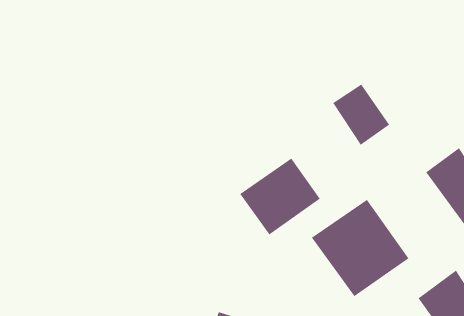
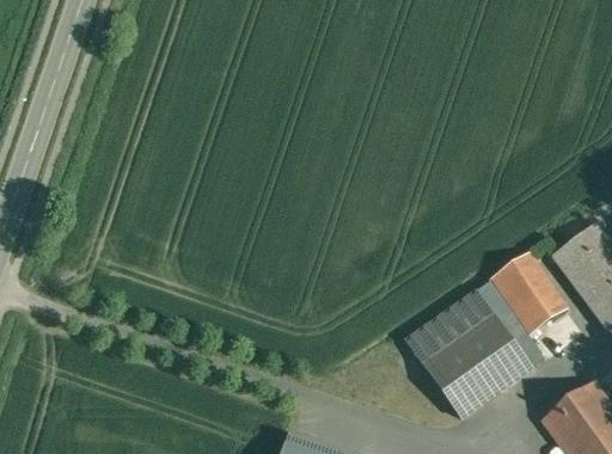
building: [332,83,390,146] -> [492,252,568,333]
building: [239,158,321,235] -> none

